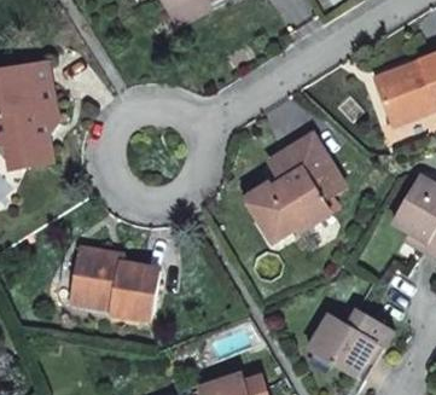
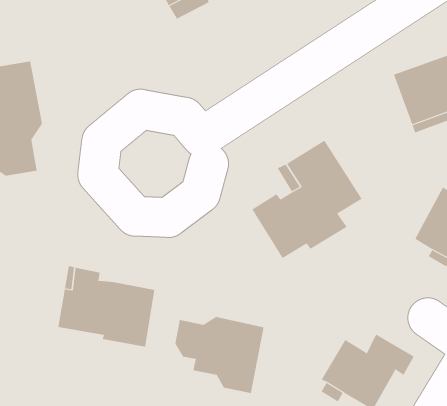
building: none -> [175,316,264,394]

